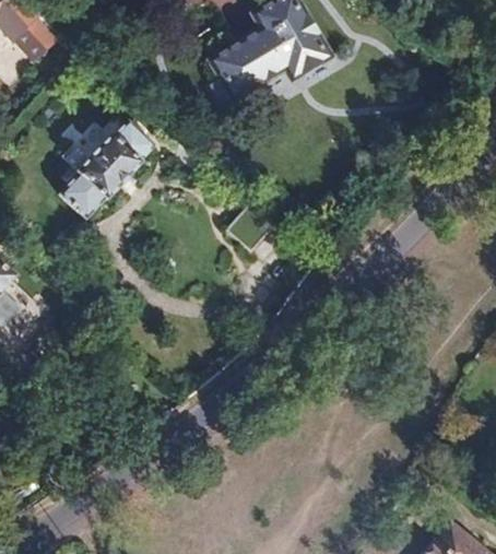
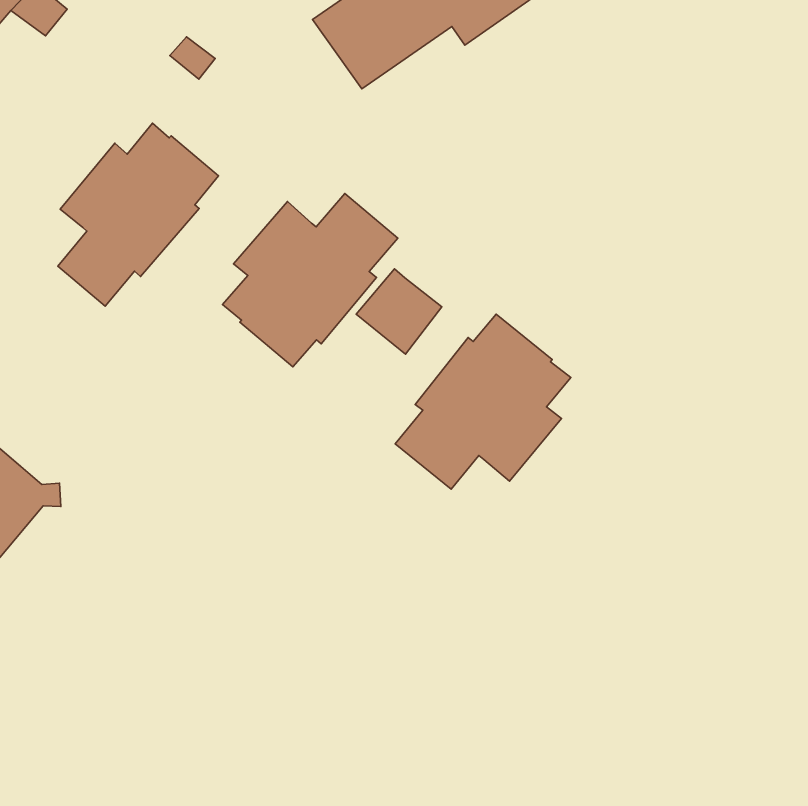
building: none -> [223,194,398,367]
building: none -> [395,314,571,489]

